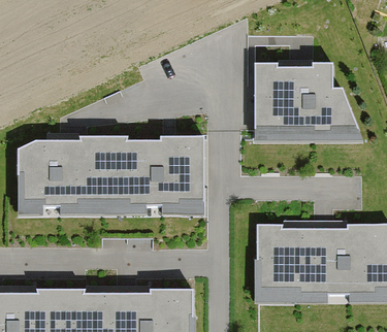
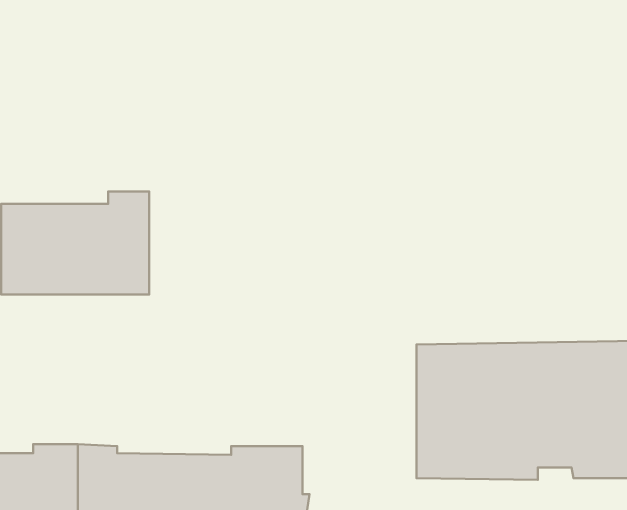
building: [255,68,362,148] -> none
building: [103,141,202,201] -> none

